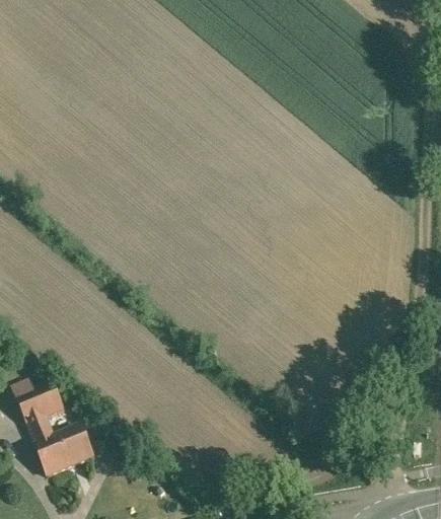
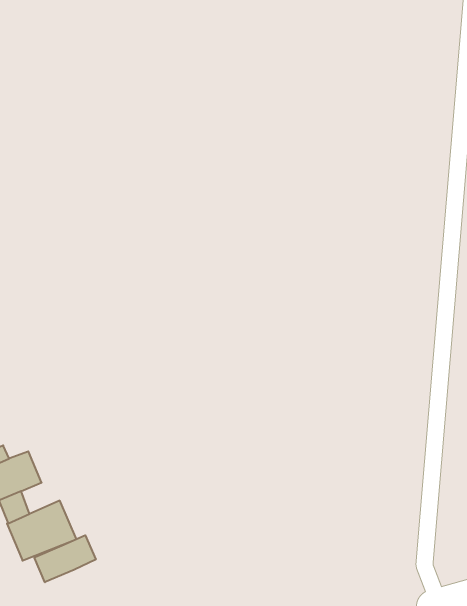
building: none -> [34,535,96,582]

